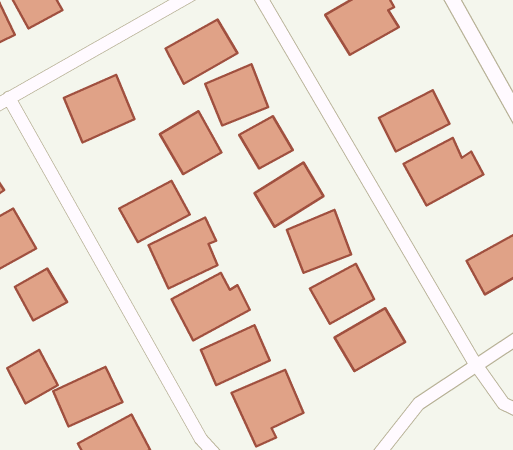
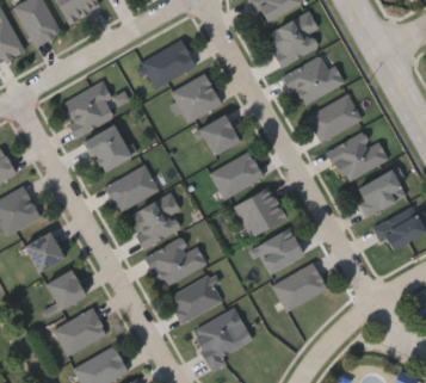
building: none -> [283,52,344,105]
building: [160,111,221,174] -> [84,124,131,173]
building: none -> [353,169,406,217]
building: [7,350,58,403] -> [45,270,85,311]

